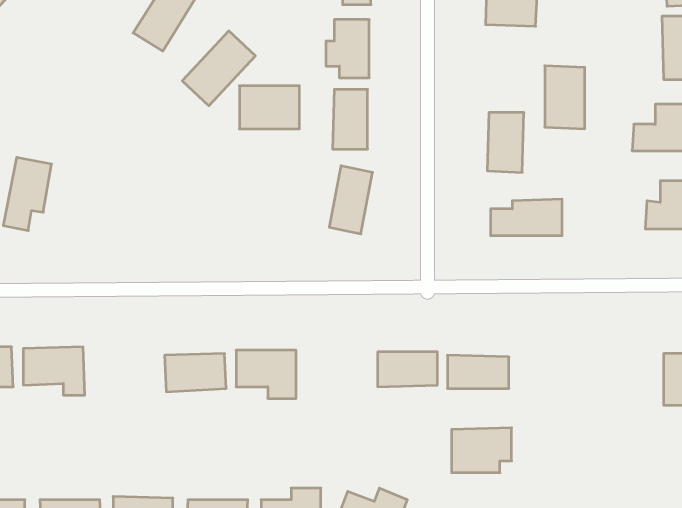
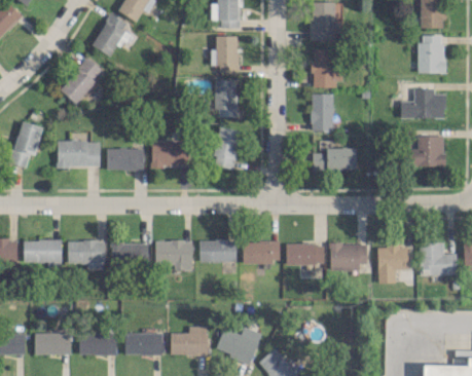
building: [182,31,255,106] -> [61,58,106,104]
building: [545,66,585,129] -> [314,48,338,87]
building: [239,86,299,129] -> [152,140,189,166]
building: none -> [59,140,101,166]
building: none -> [108,147,145,170]
building: none -> [201,239,237,272]
building: none -> [69,240,106,270]
building: none -> [378,246,411,283]
building: [452,428,512,473] -> [331,242,368,270]

